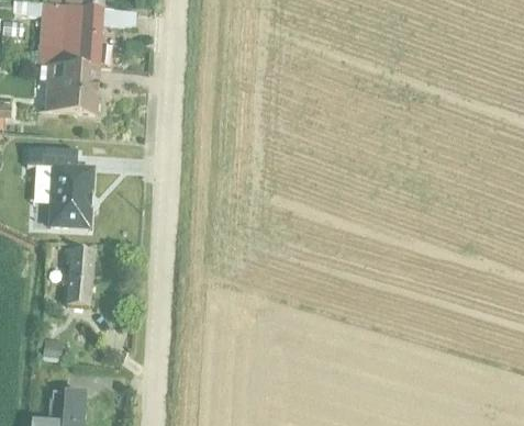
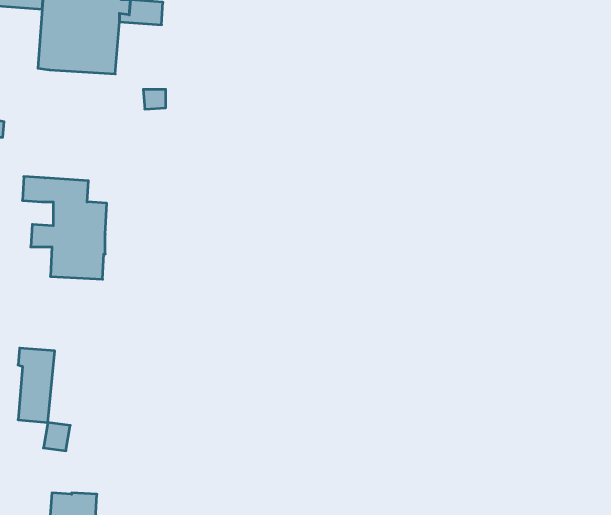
building: [40,61,99,112] -> none
building: [66,247,94,305] -> [18,348,55,423]

